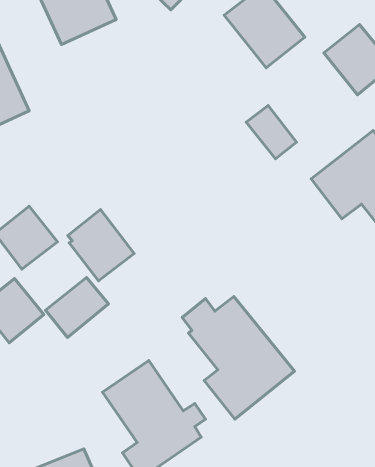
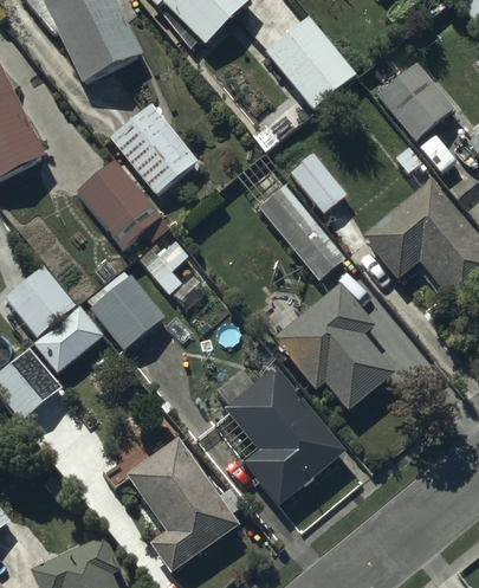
building: none -> [110,102,199,194]
building: none -> [77,159,169,247]
building: none -> [258,182,345,279]
building: none -> [273,282,394,408]
building: [46,278,108,337] -> [33,305,104,373]

